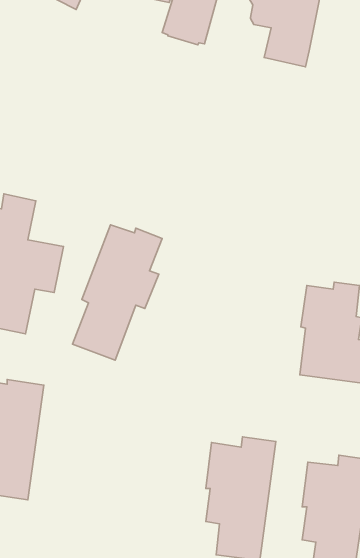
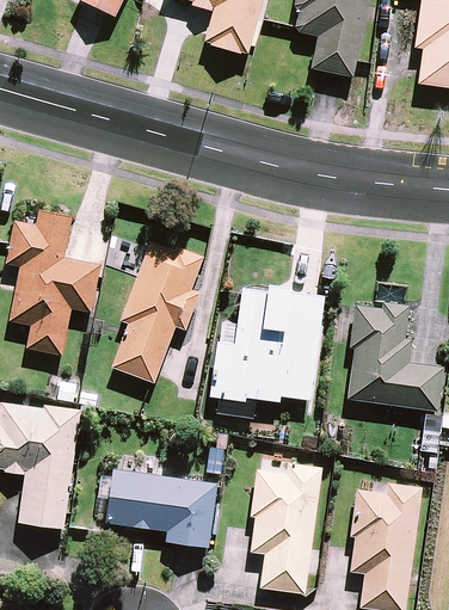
building: none -> [209,284,325,402]
building: none -> [106,469,217,547]

